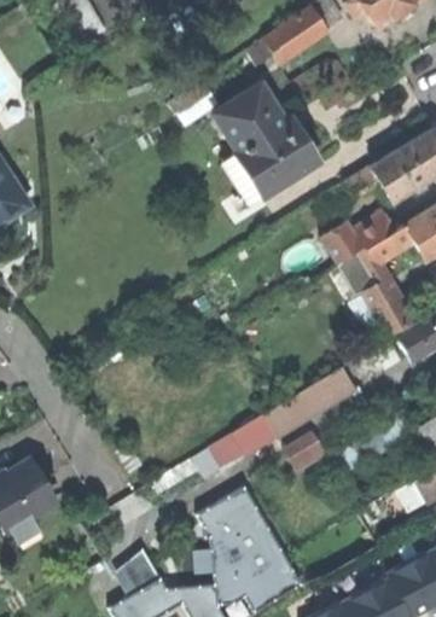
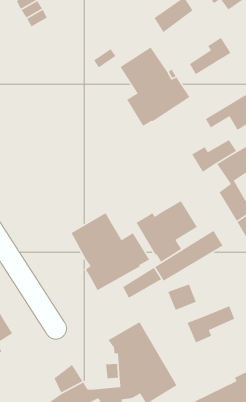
building: none -> [189,37,232,75]
building: none -> [136,200,198,263]
building: none -> [70,212,150,291]
building: none -> [187,305,235,343]

